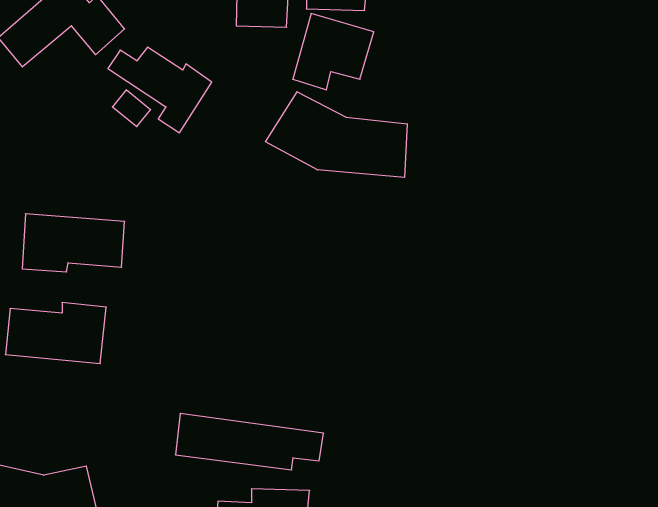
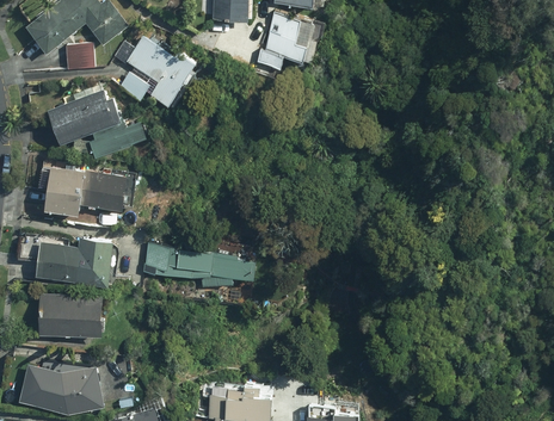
building: none -> [66,42,94,70]
building: [265,92,407,177] -> none
building: none -> [45,88,143,159]
building: none -> [37,292,106,339]
building: [175,413,324,470] -> [143,241,259,285]

